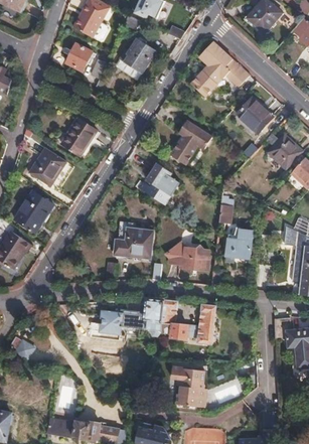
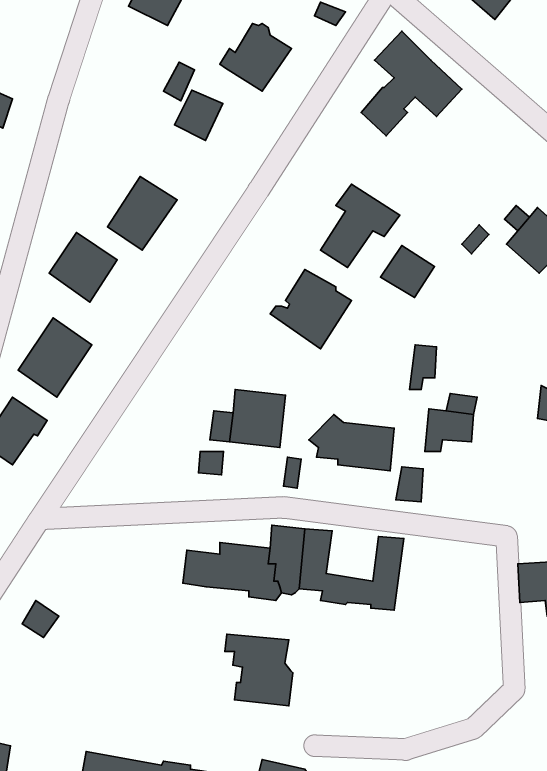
building: [65,44,91,70] -> [174,90,223,140]
building: [236,99,272,135] -> none
building: none -> [380,245,435,298]
building: [171,369,206,407] -> [225,634,293,706]

